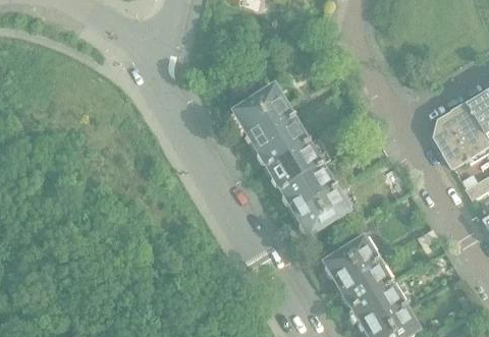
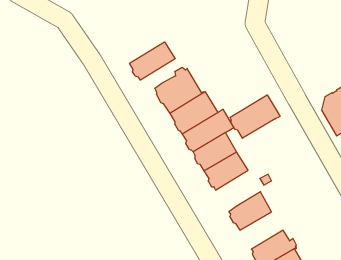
building: none -> [130,42,175,80]
building: none -> [230,95,280,138]
building: [337,260,390,305] -> none

